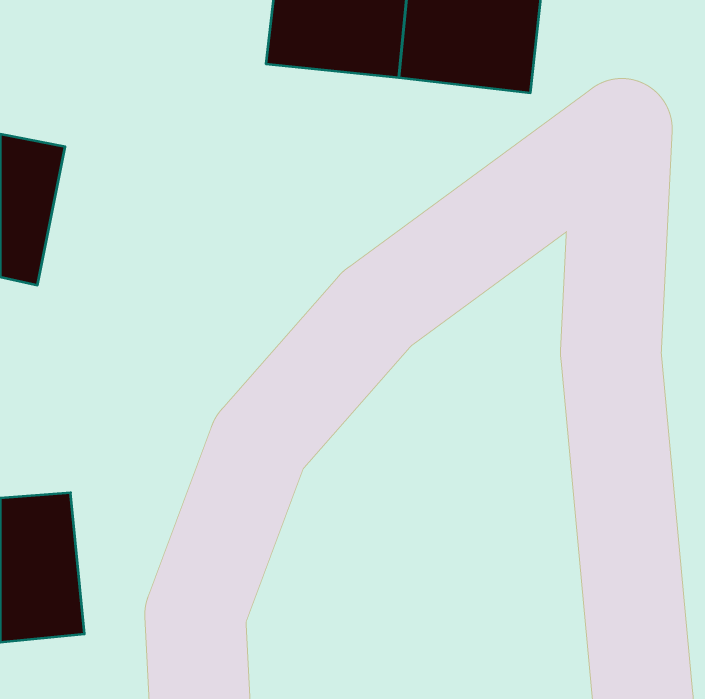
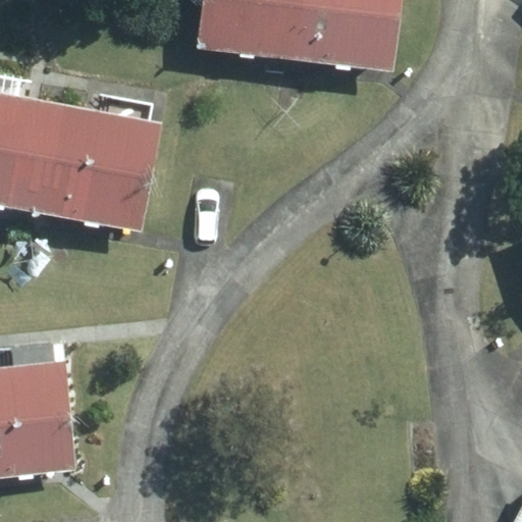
building: none -> [30,108,143,227]

